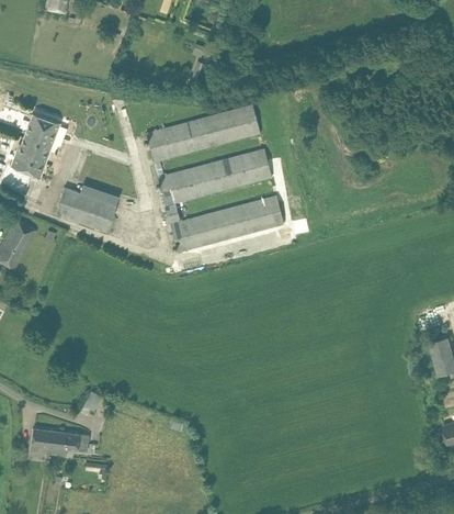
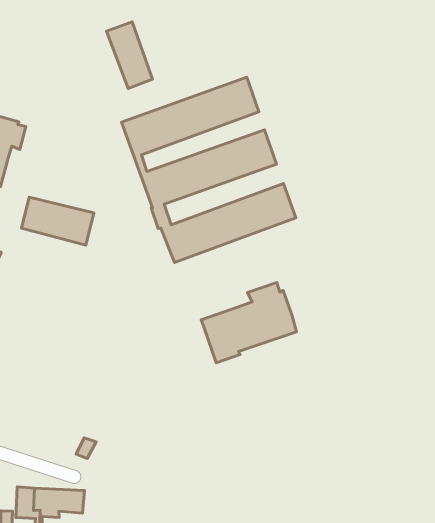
building: none -> [107,22,153,88]
building: none -> [201,282,297,363]

